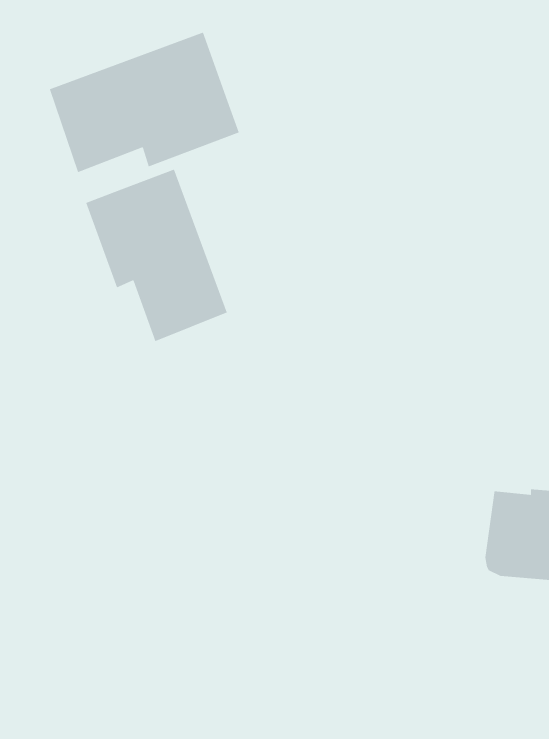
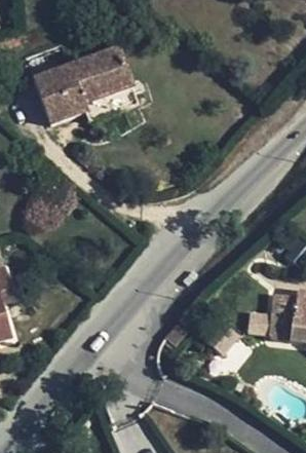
building: [85,169,228,342] -> none

